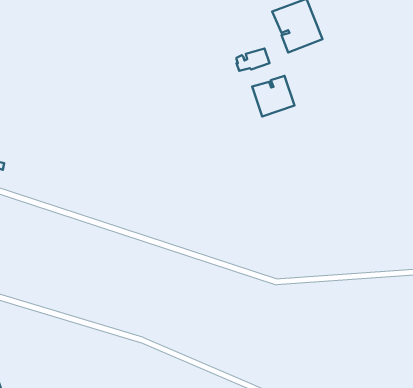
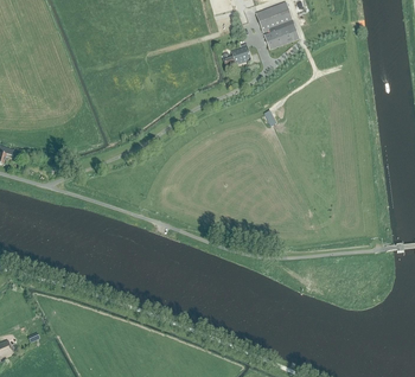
building: [252,76,294,116] -> none

